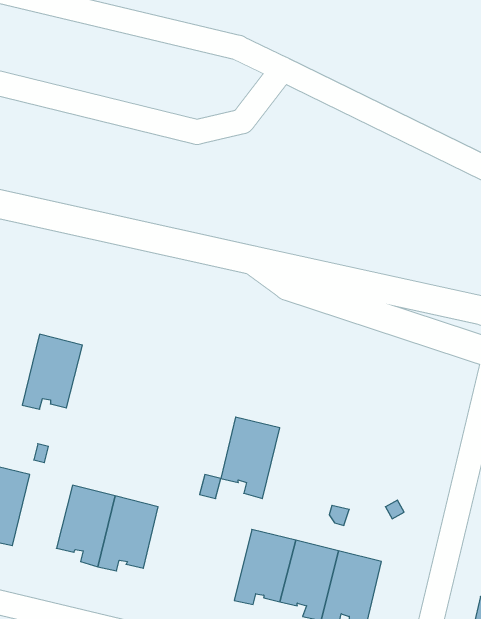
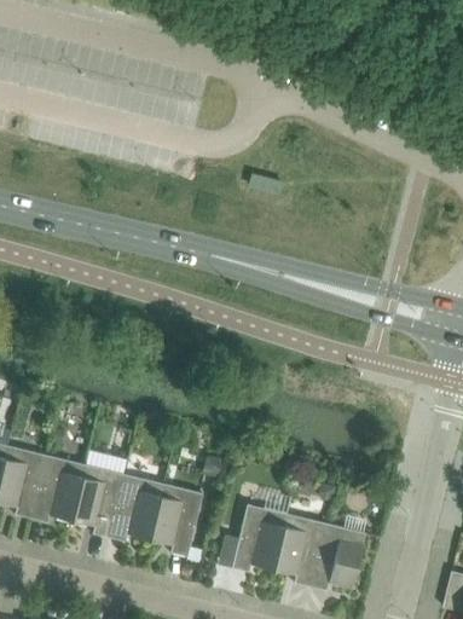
building: [22,334,82,409] -> [30,455,85,522]
building: [221,417,280,499] -> [149,484,202,557]

